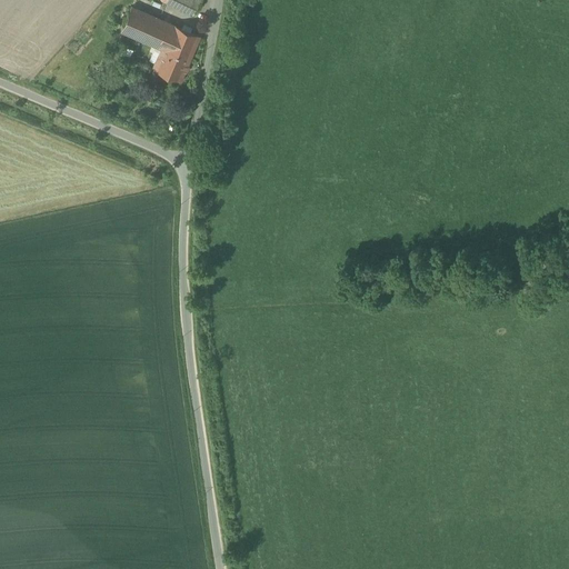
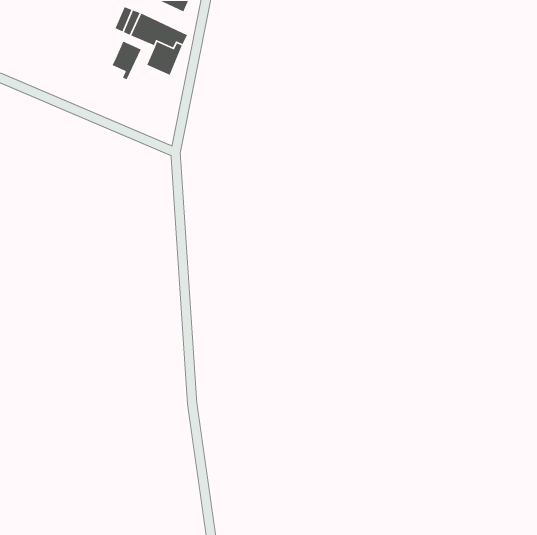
building: none -> [111,41,142,80]

